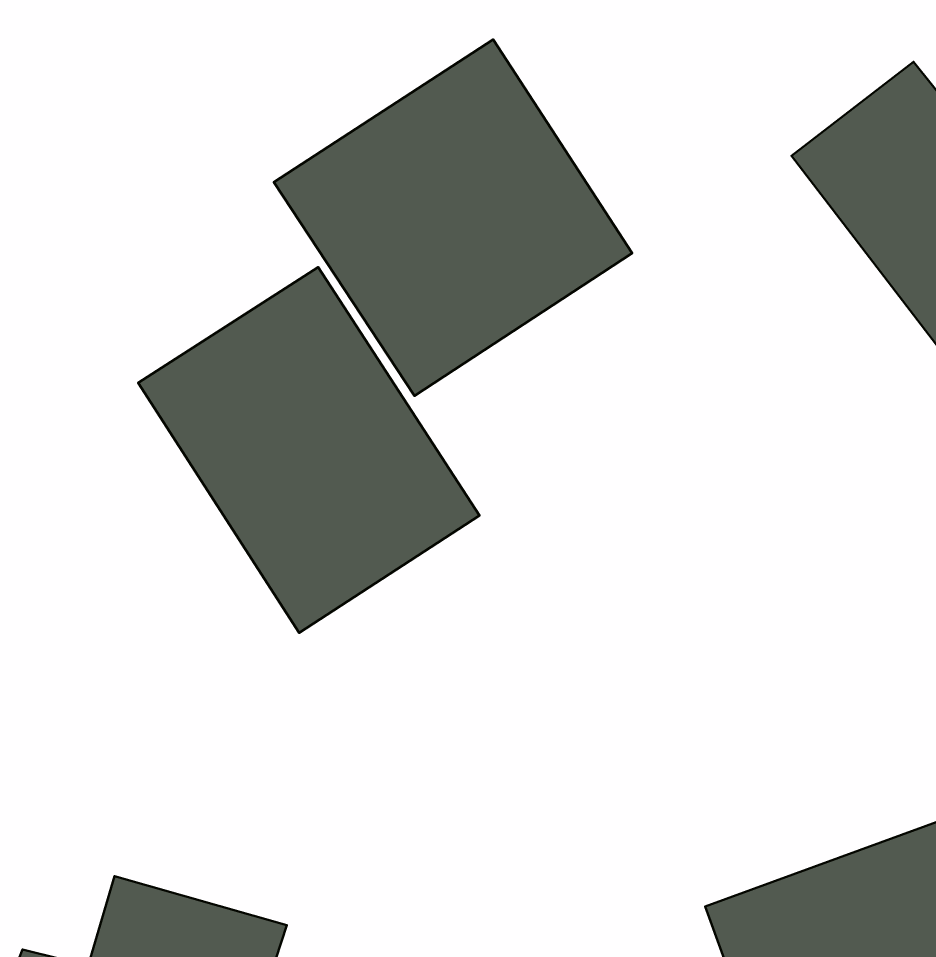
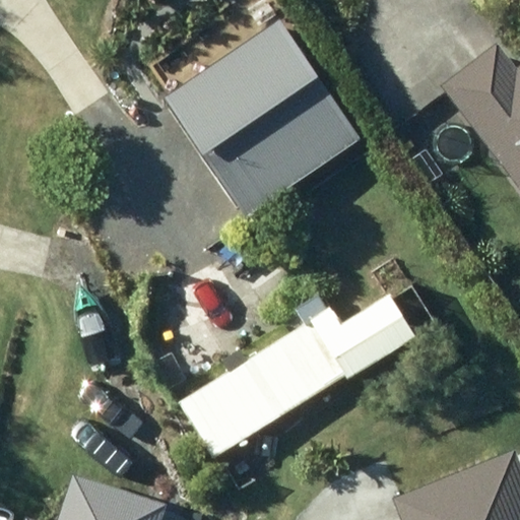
building: [138,267,479,633] -> none
building: none -> [185,290,421,456]

